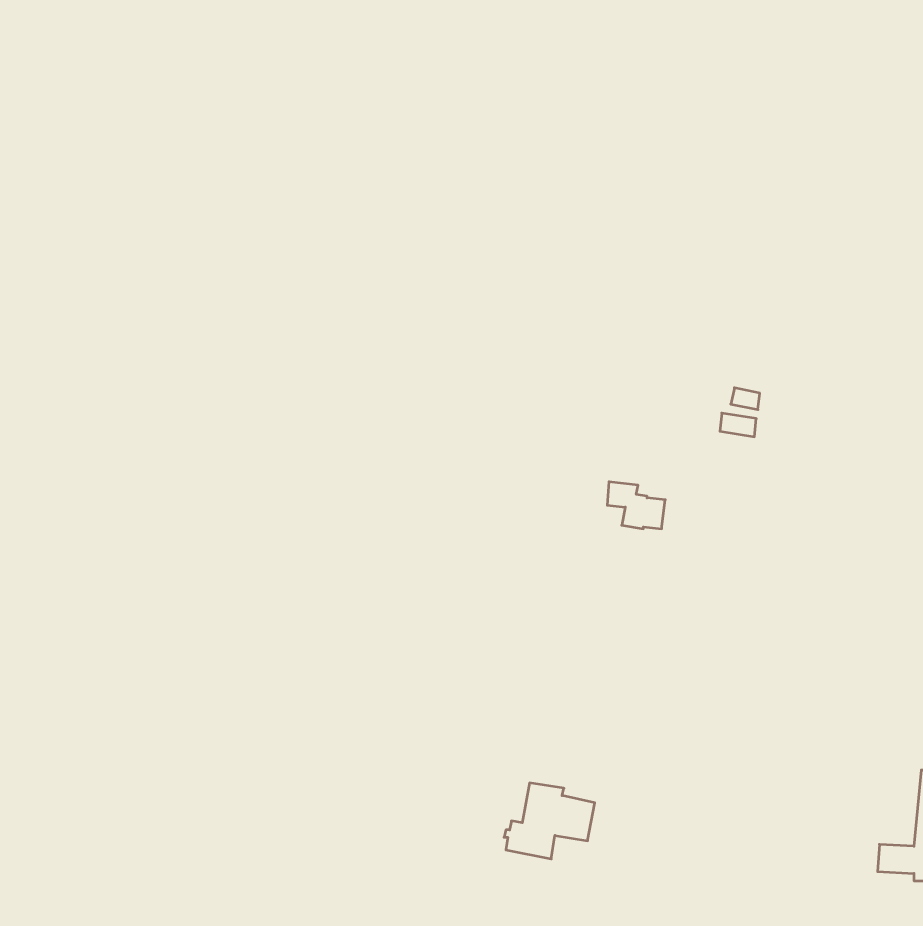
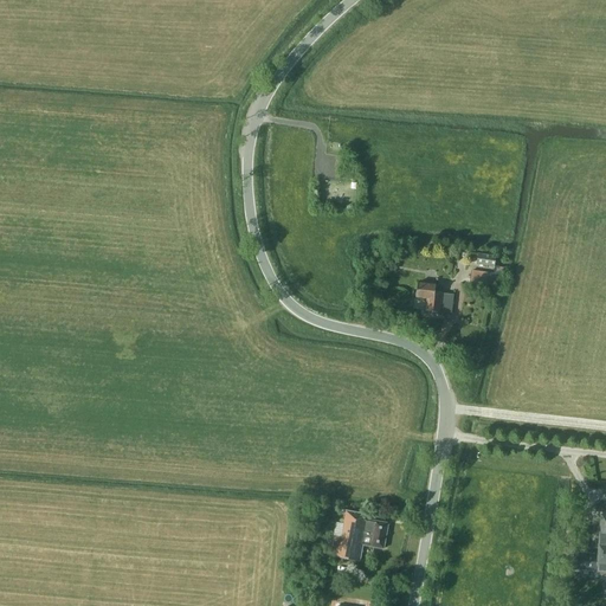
building: [607,482,665,529] -> [418,283,456,314]

